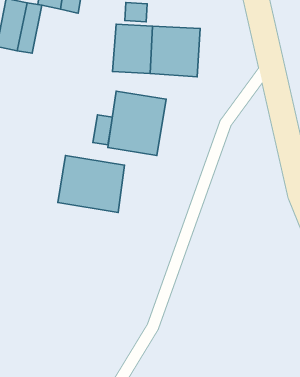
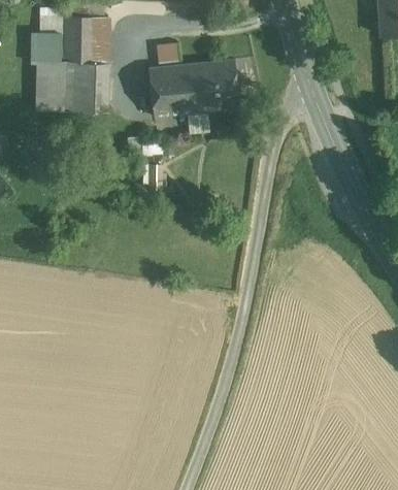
building: none -> [68,61,106,113]
building: [108,91,166,155] -> none
building: [58,156,125,212] -> none

